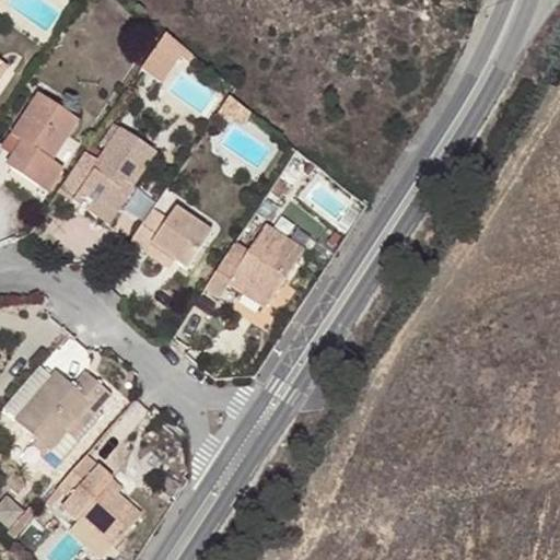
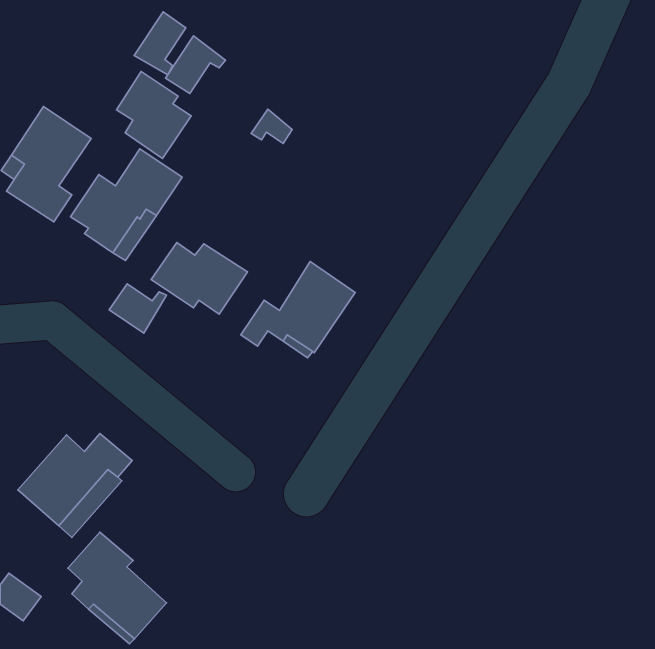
building: none -> [134,12,186,75]
building: none -> [116,72,191,159]
building: none -> [109,284,167,333]

